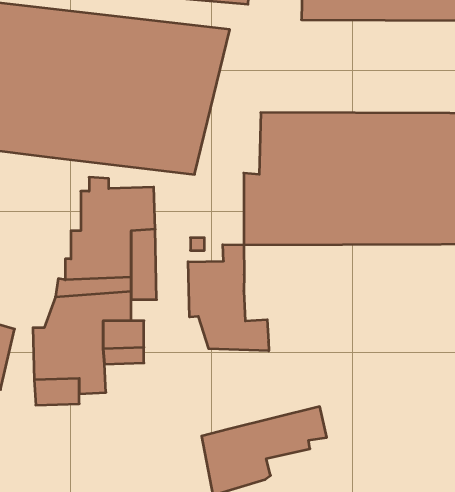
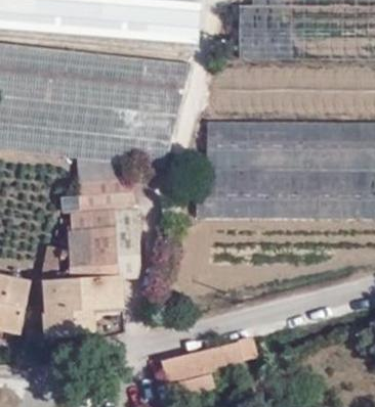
building: [188,245,269,351] -> none

